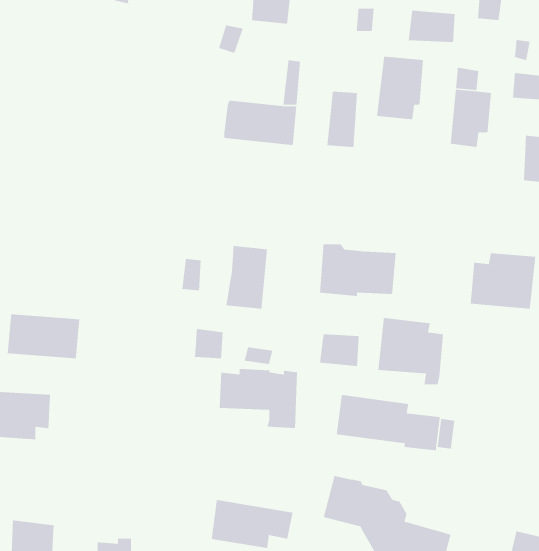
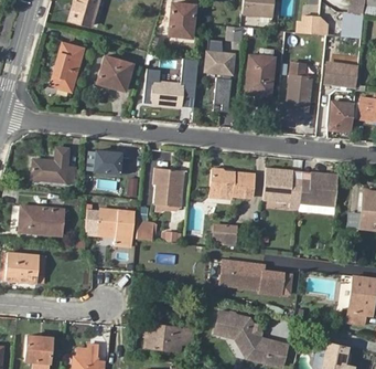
building: [408,10,456,43] -> [203,53,232,73]
building: none -> [52,44,84,92]
building: none -> [96,56,131,91]
building: none -> [29,150,74,186]
building: none -> [90,152,126,177]
building: [378,317,444,385] -> [261,169,301,210]
building: [219,368,298,429] -> [84,212,131,249]

